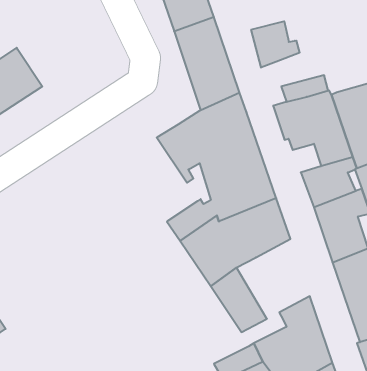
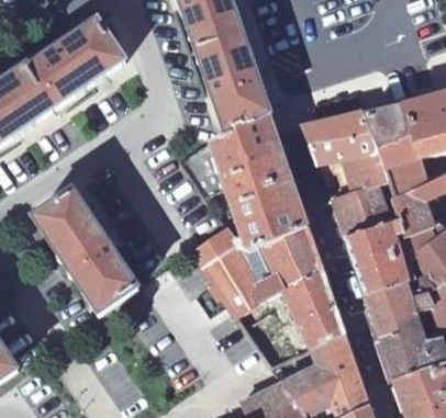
building: none -> [30,20,124,105]
building: [251,21,300,68] -> none
building: none -> [35,189,137,310]
building: none -> [280,269,344,348]

